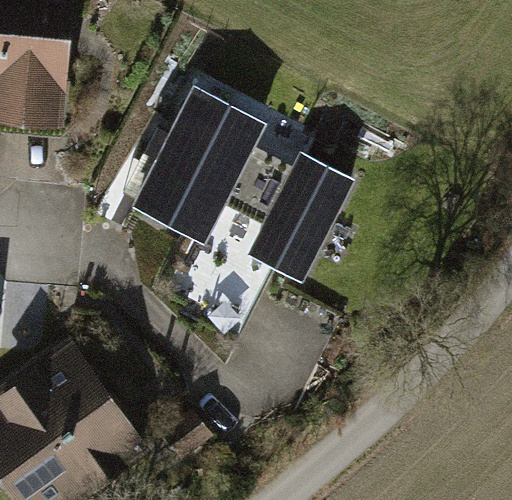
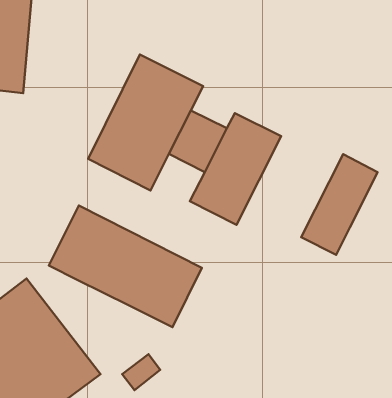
building: none -> [301,154,378,255]
building: none -> [49,206,202,327]

